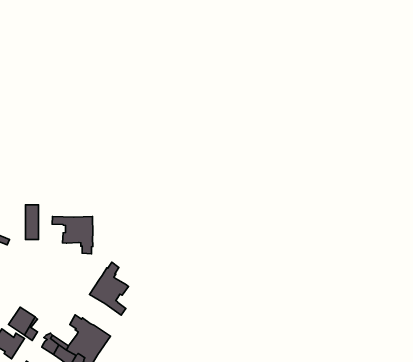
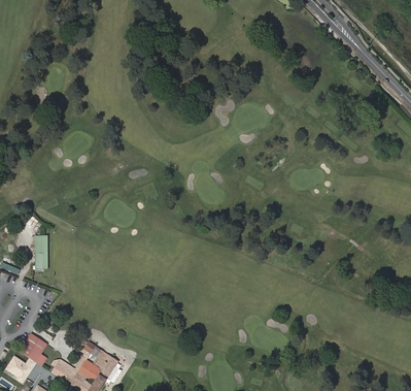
building: [52,216,93,254] -> none
building: [90,262,128,315] -> none

